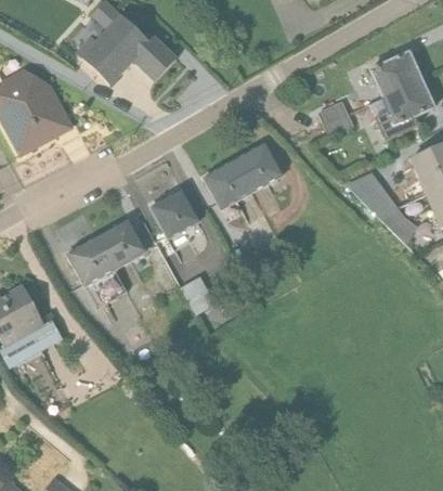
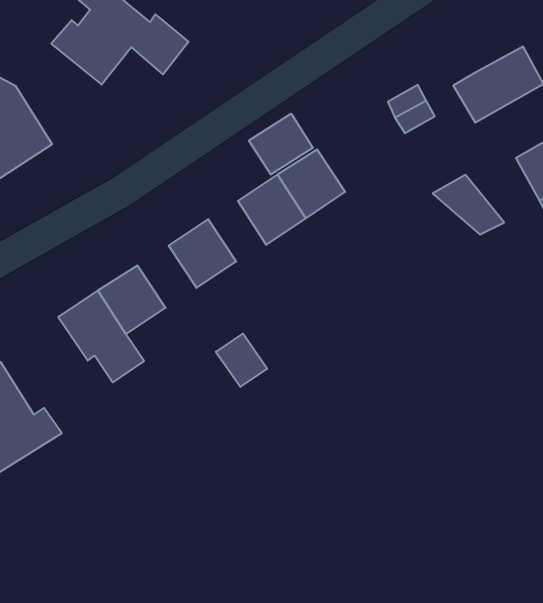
building: [369,51,420,95] -> none
building: none -> [249,114,313,175]
building: [379,206,416,243] -> none

